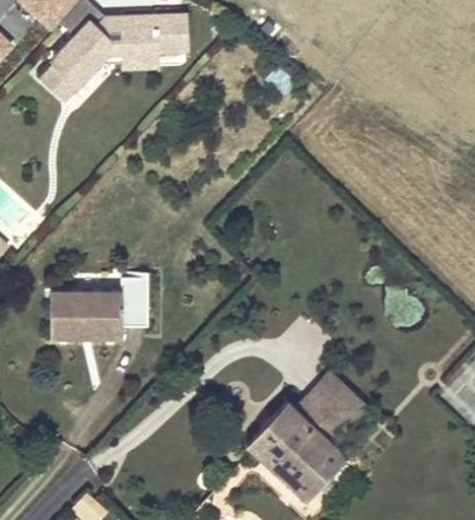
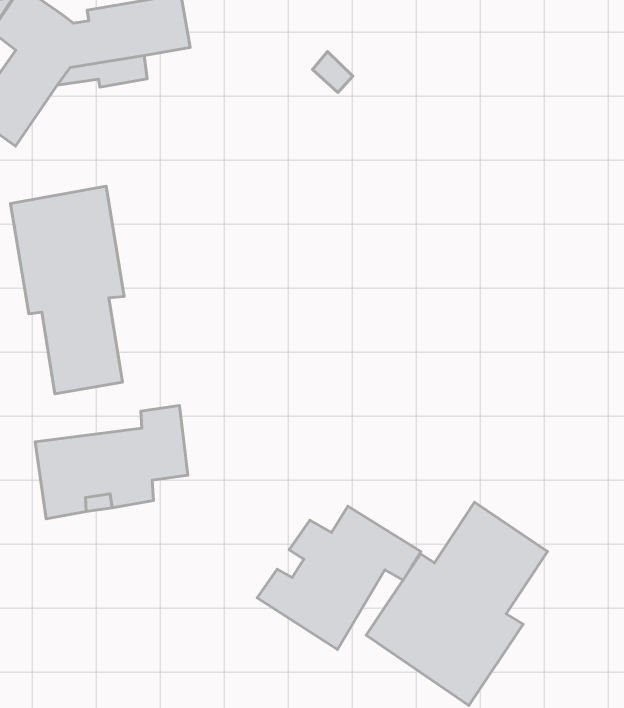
building: none -> [11,186,124,394]
building: none -> [257,506,421,650]

